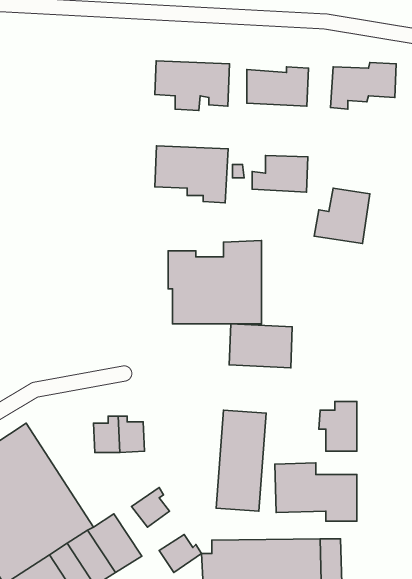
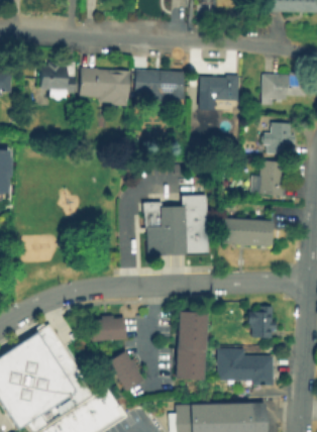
building: none -> [40,64,76,102]
building: [155,146,228,203] -> [80,69,130,108]
building: [252,155,308,192] -> [258,121,297,146]
building: [229,324,292,368] -> [223,217,267,247]
building: [159,534,202,572] -> [108,352,137,379]

